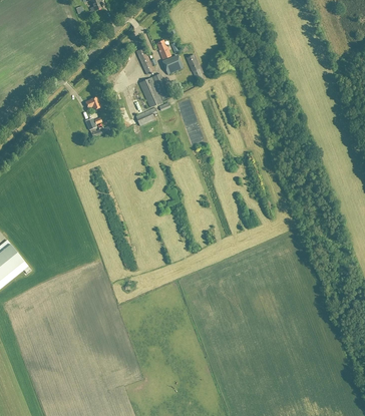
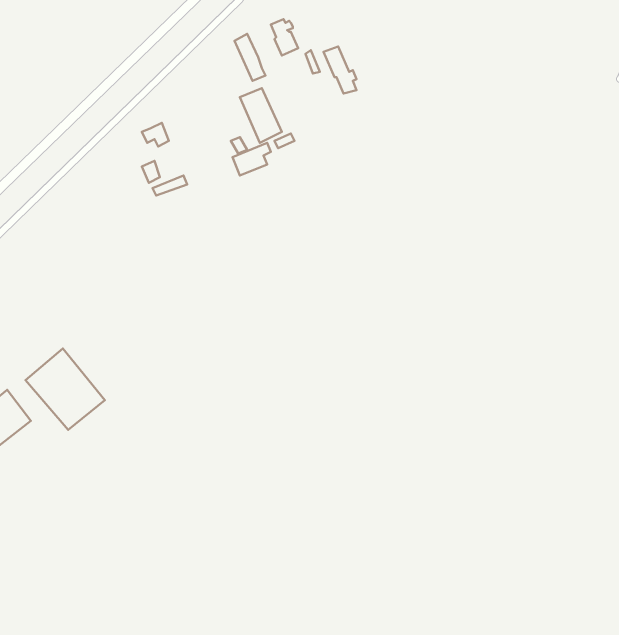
building: none -> [26,349,105,430]

